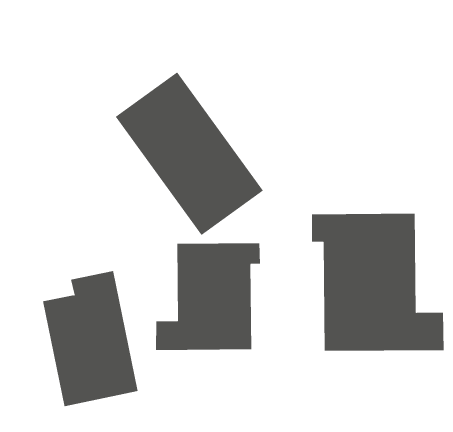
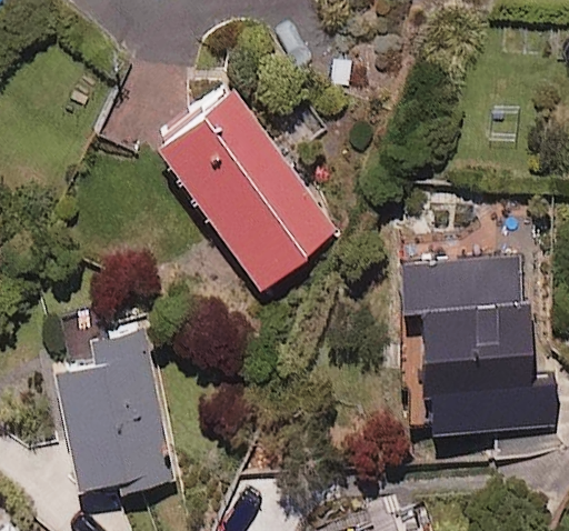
building: [155,242,260,351] -> none

